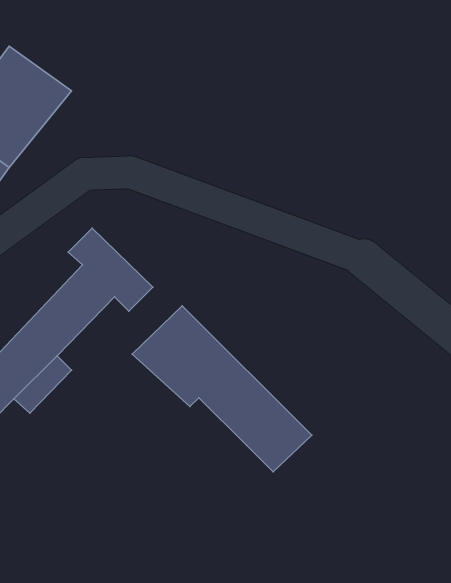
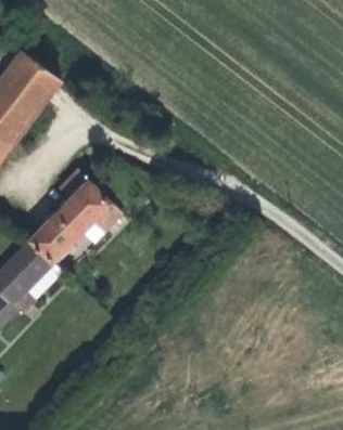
building: [132,306,312,472] -> none

